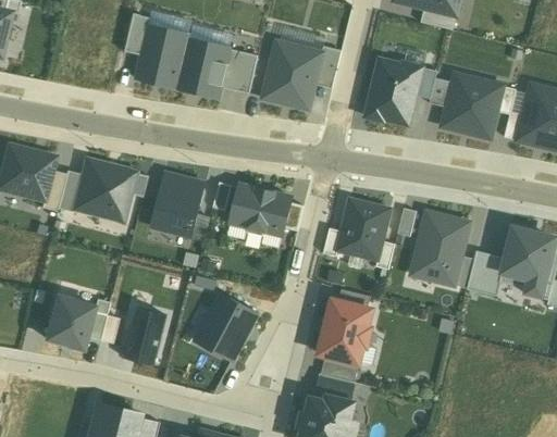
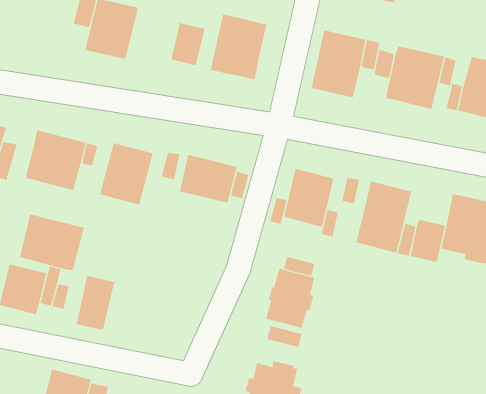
building: [176,39,231,98] -> none
building: [313,45,341,88] -> none
building: [55,170,82,212] -> none
building: none -> [19,214,85,271]
building: [196,292,257,360] -> none
building: [314,373,354,401] -> none

